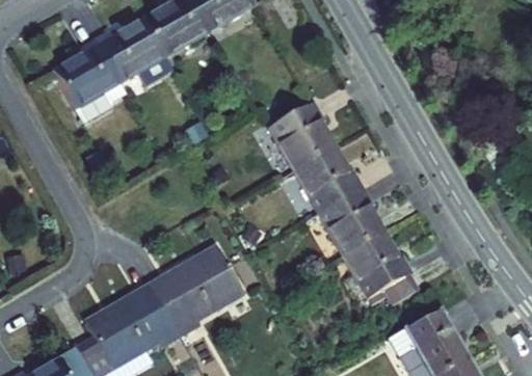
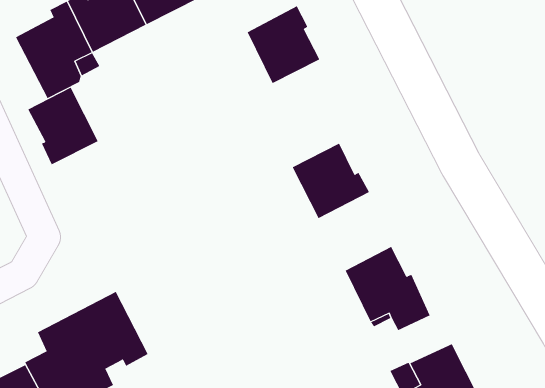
building: [270,102,334,169] -> [247,6,320,84]
building: none -> [28,87,98,165]
building: [319,187,382,254] -> none
building: [151,244,244,334] -> none

